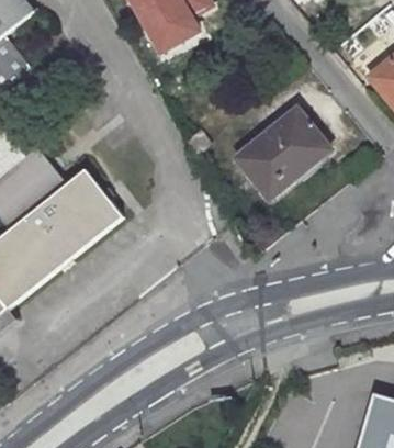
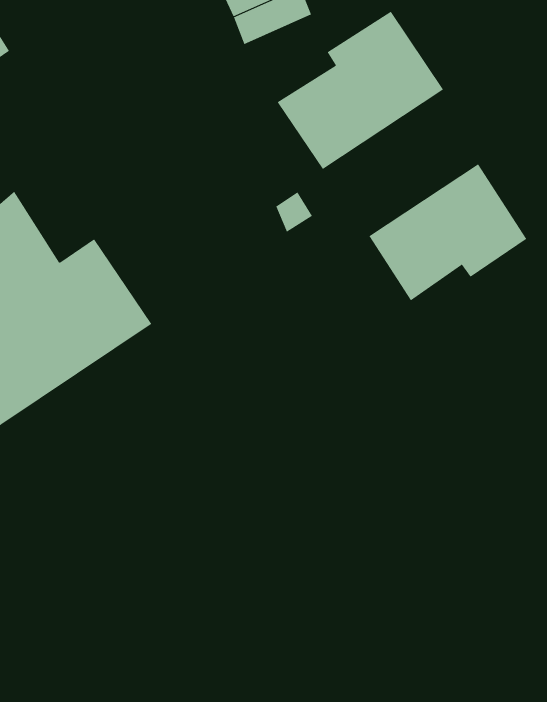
building: none -> [277,11,444,170]

